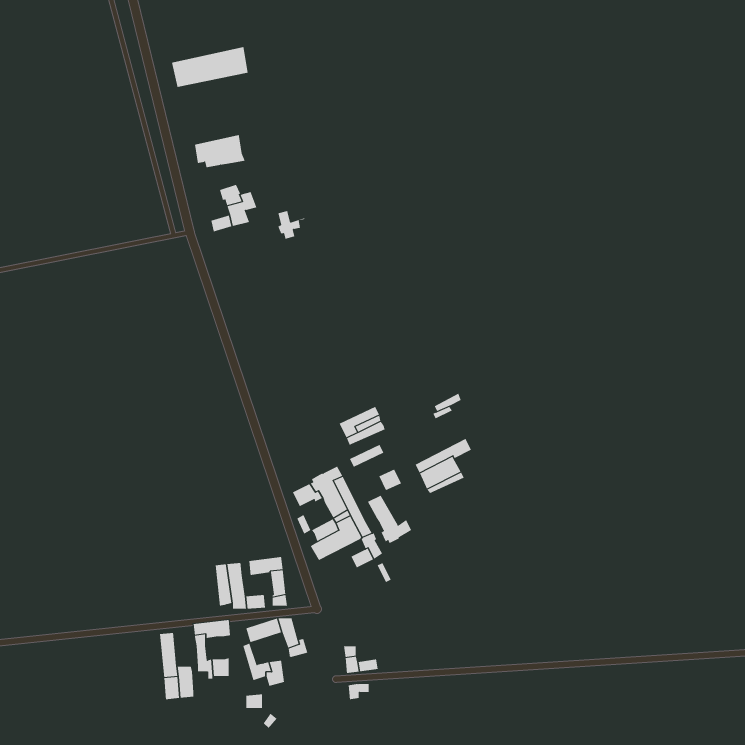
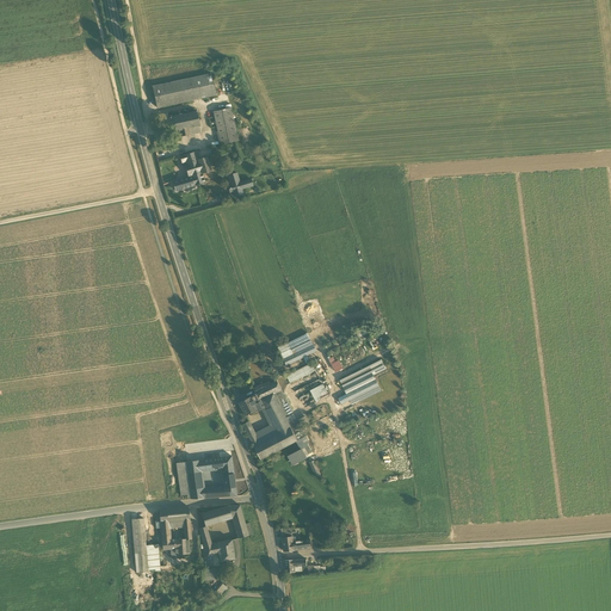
building: [171,46,249,87] -> [150,73,214,106]
building: none -> [211,106,236,143]
building: [367,495,412,544] -> none

